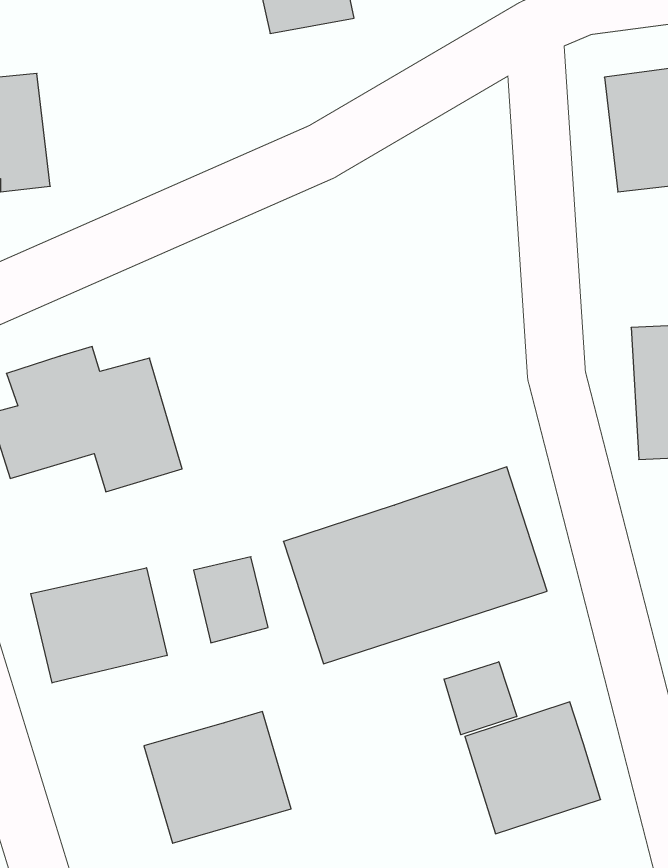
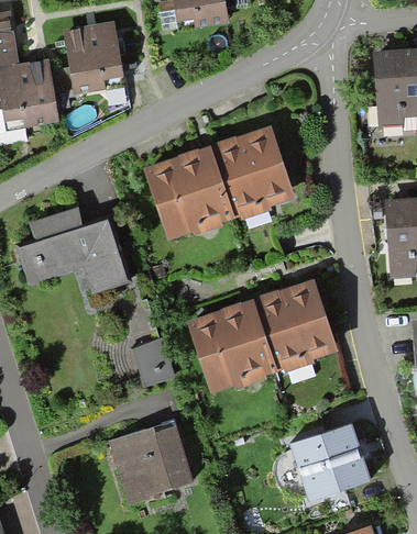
building: none -> [63,24,123,96]
building: none -> [141,131,294,244]
building: [31,568,167,683] -> none
building: [444,662,517,735] -> none

